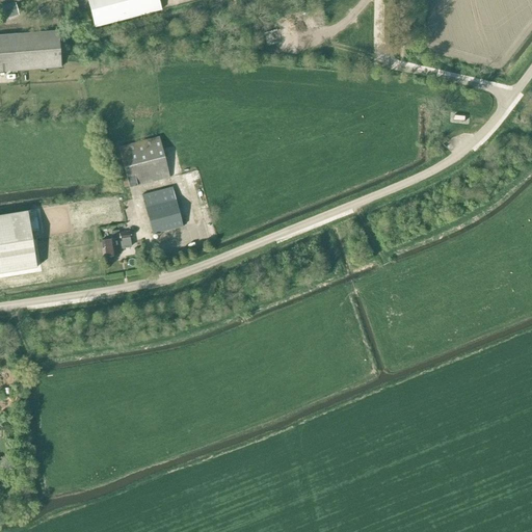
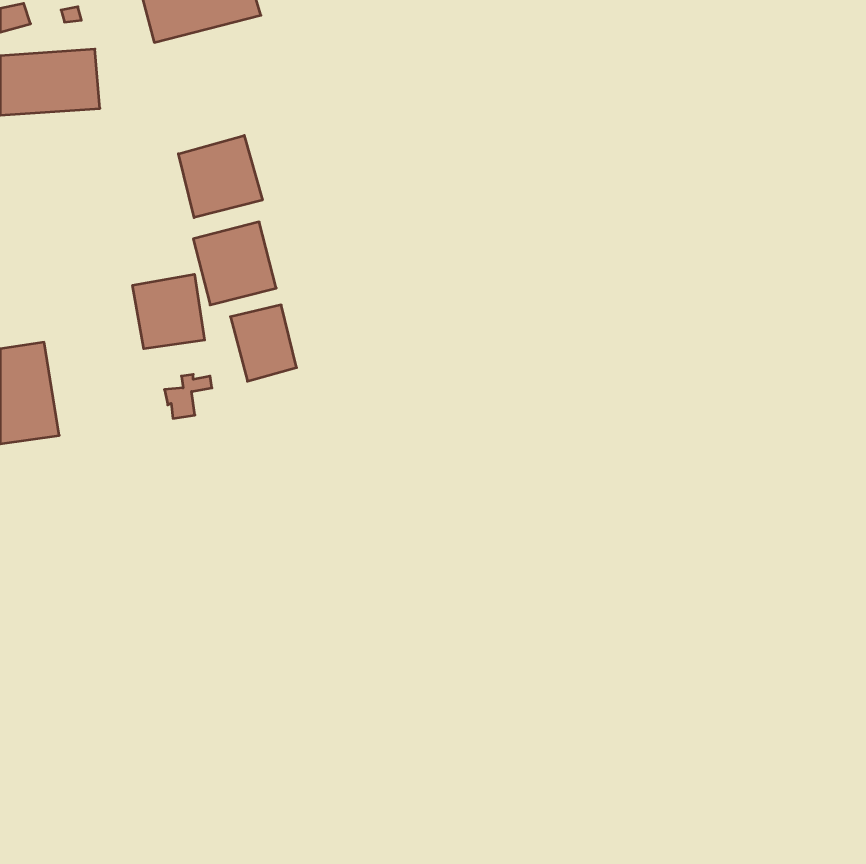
building: none -> [178,135,262,218]
building: none -> [133,274,205,349]

